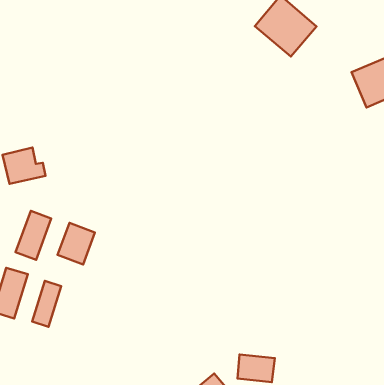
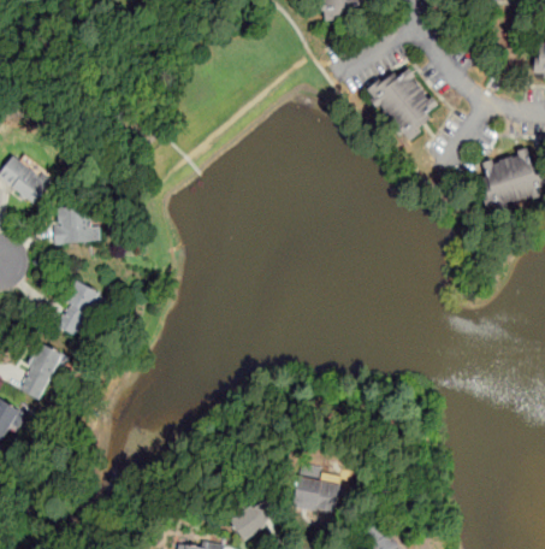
building: [58,223,95,264] -> none
building: [32,281,61,327] -> none

